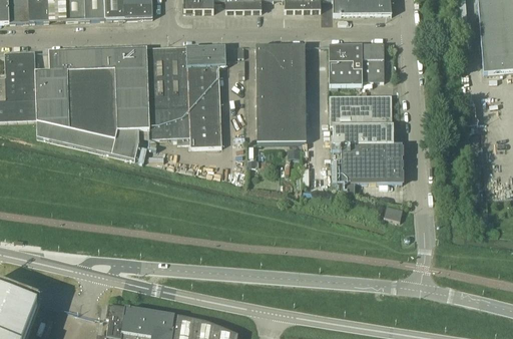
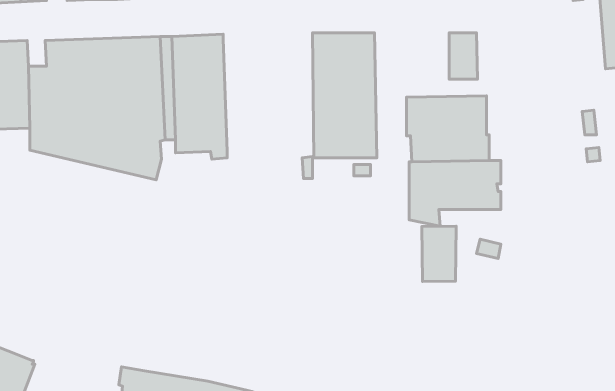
building: [329,43,362,85] -> none
building: [186,44,225,145] -> none
building: none -> [422,226,456,282]

